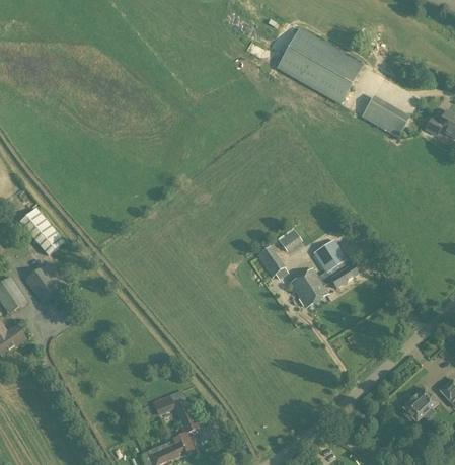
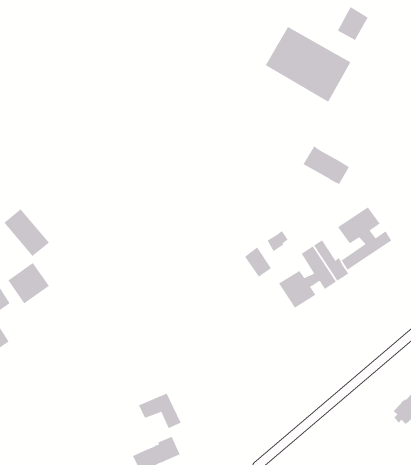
building: none -> [337,6,369,41]
building: [361,97,407,136] -> [302,146,350,185]
building: none -> [337,207,392,271]

